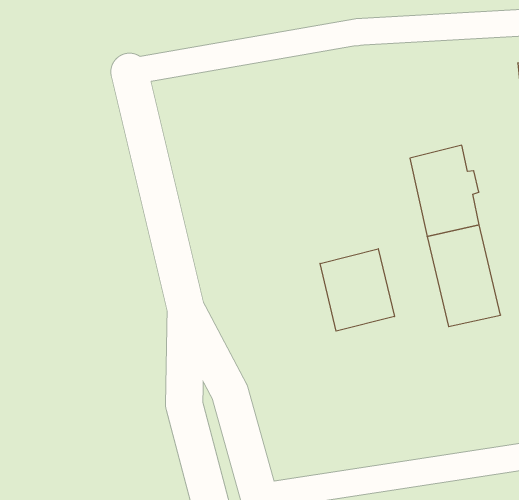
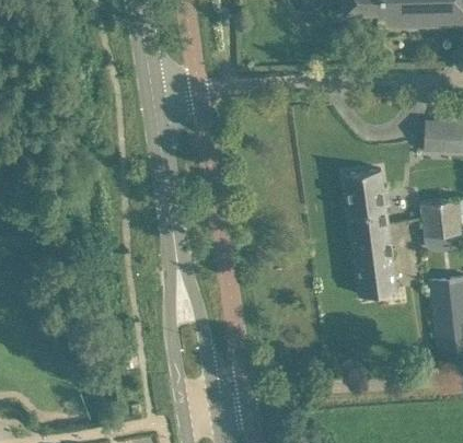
building: [320,249,394,331] -> none

